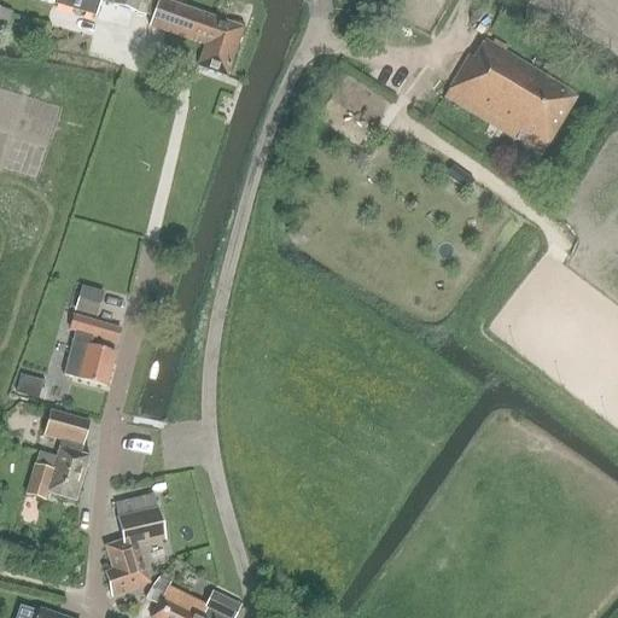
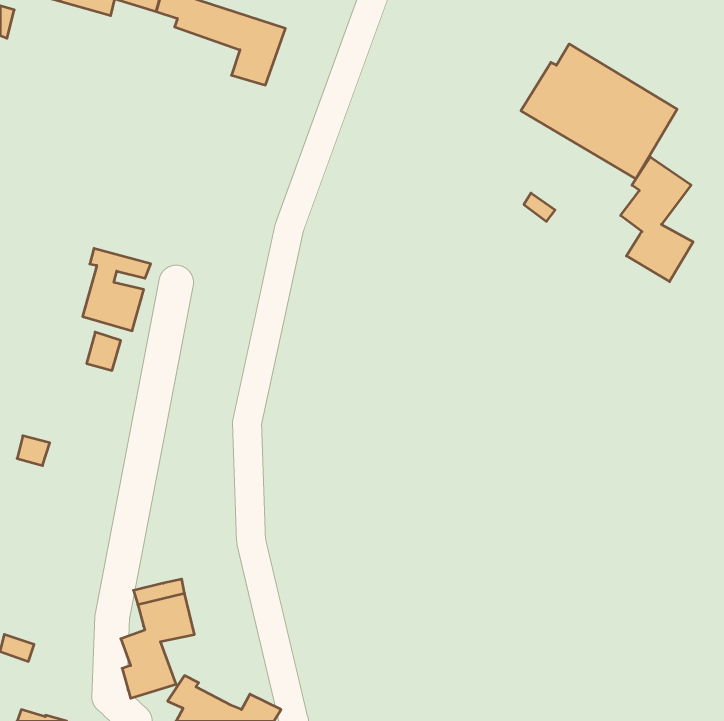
building: none -> [621,157,693,282]
building: [66,315,124,385] -> [83,248,151,331]
building: [25,409,88,497] -> none

